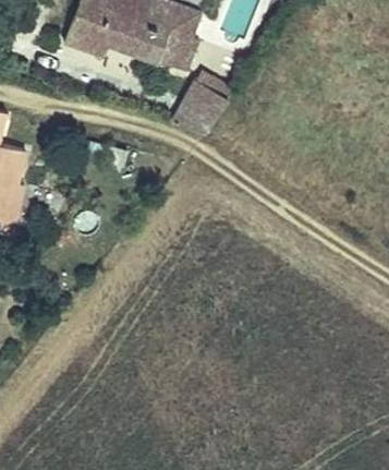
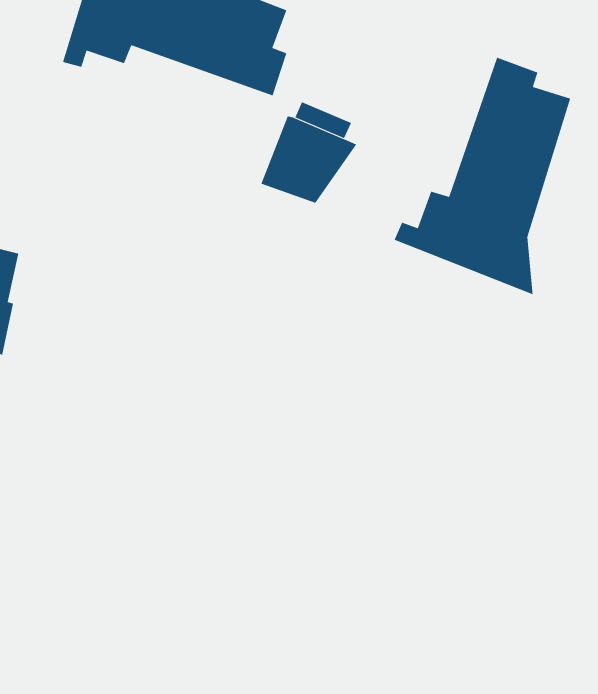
building: none -> [394,57,571,295]

